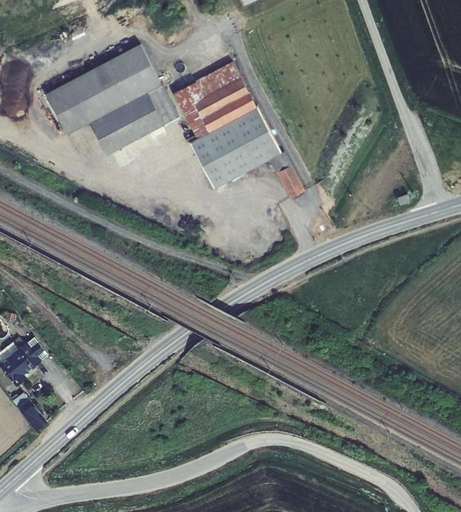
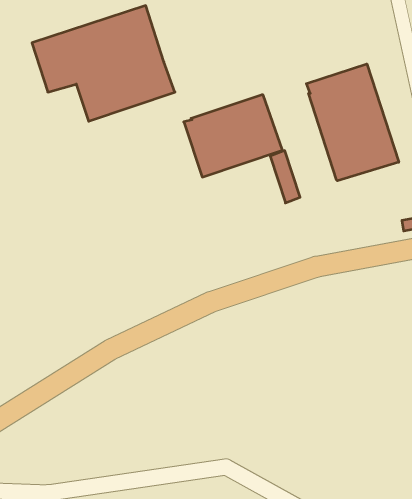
building: [173,63,255,138] -> none
building: none -> [306,64,399,181]

